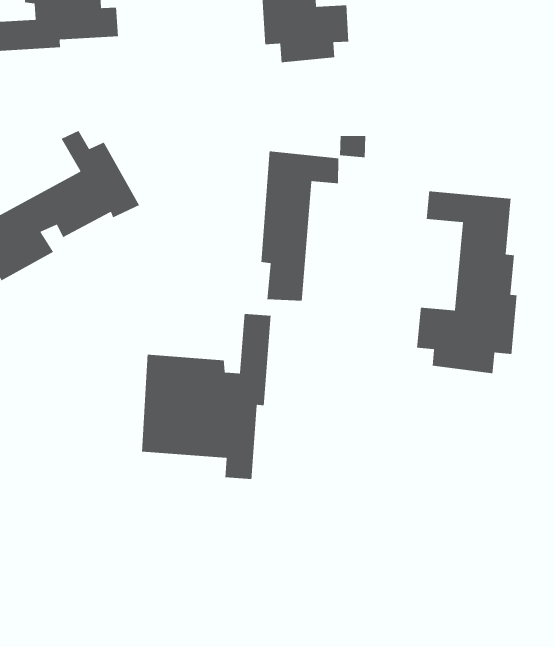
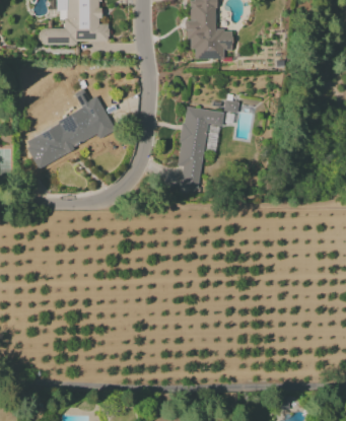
building: [416,190,518,374] -> none
building: [141,313,271,480] -> none

